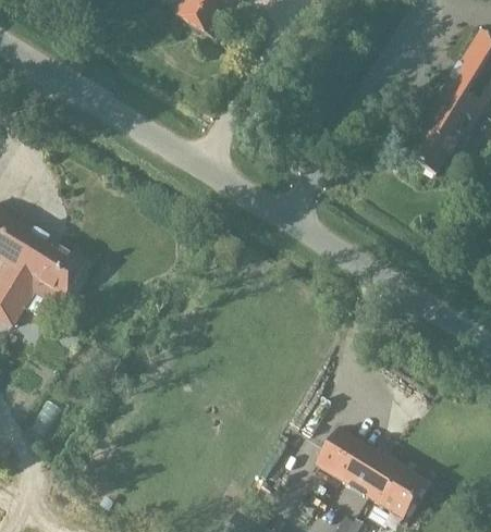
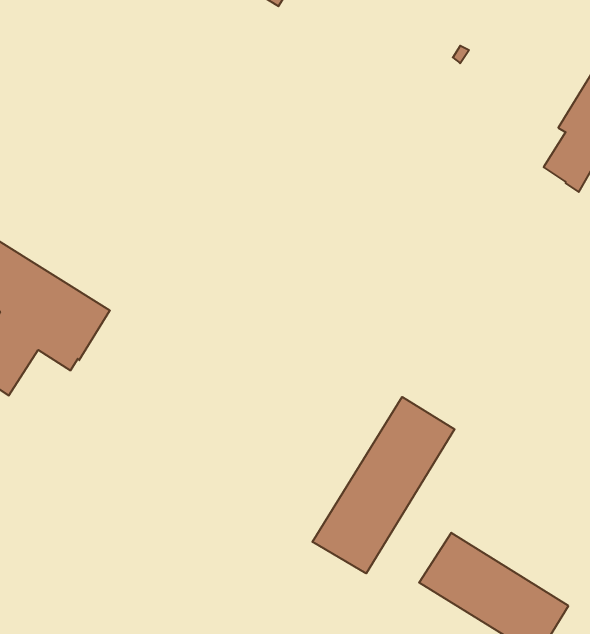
building: none -> [312,397,455,573]

